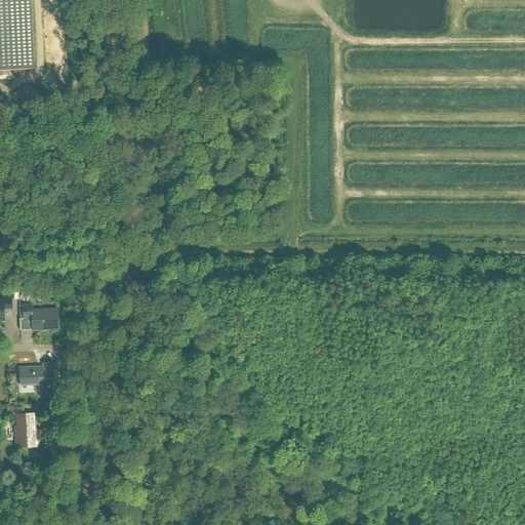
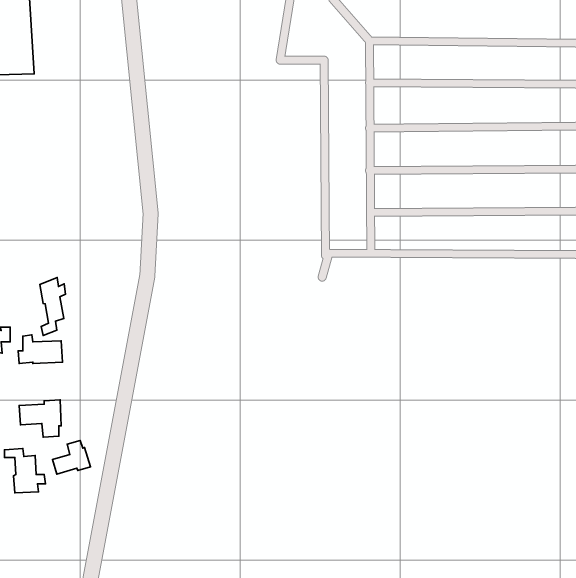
building: none -> [40,277,66,335]
building: none -> [53,441,91,474]

